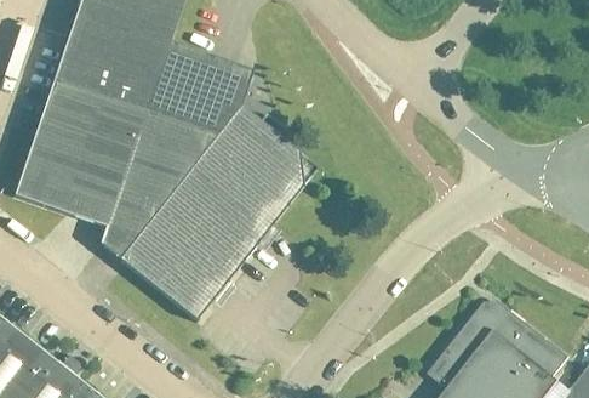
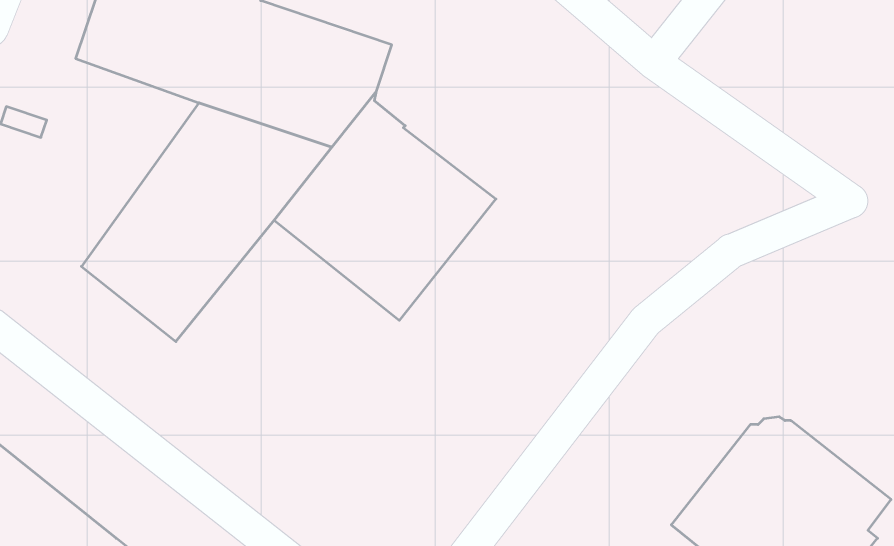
building: [13,79,131,210] -> none
building: [116,181,257,320] -> none

